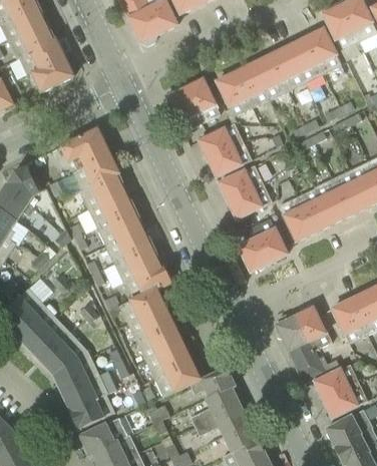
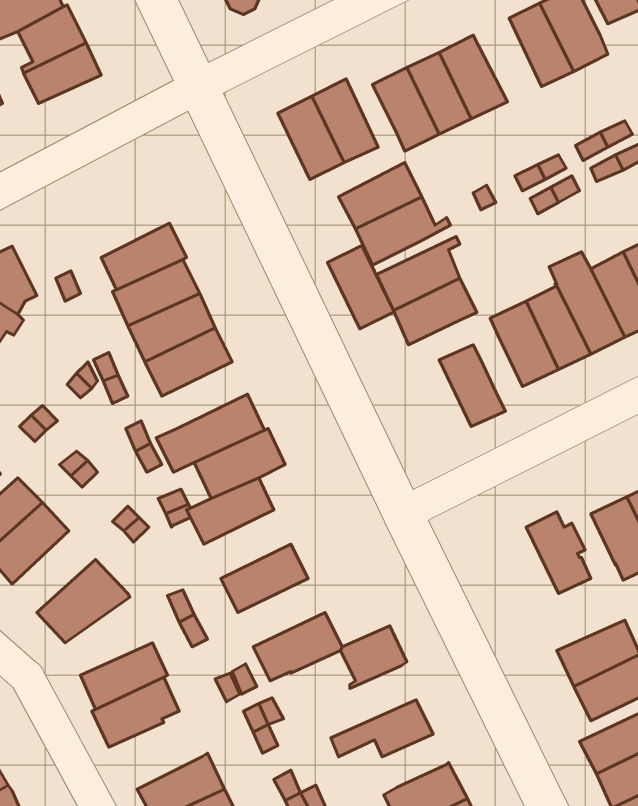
building: [270,46,306,90] -> none
building: [51,128,109,177] -> none
building: [234,226,269,271] -> [328,245,394,329]
building: [105,227,150,263] -> none
building: [127,306,173,342] -> none
building: [277,315,339,382] -> none
building: [26,317,70,360] -> none
building: [145,342,192,378] -> none
building: [54,352,100,393] -> none
building: [190,388,240,426] -> none
building: [80,418,126,454] -> none
building: [222,424,256,452] -> none

